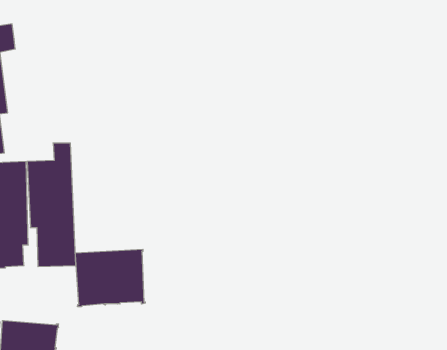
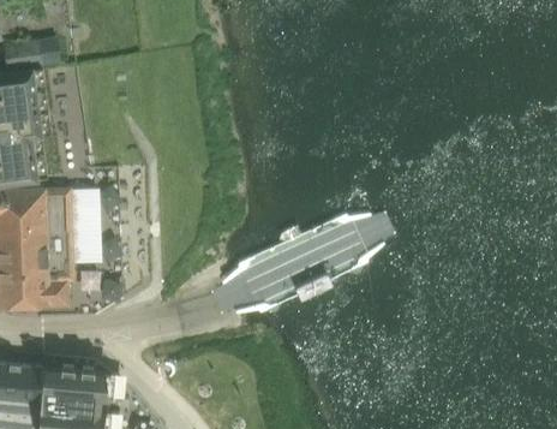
building: [75,249,145,307] -> none

